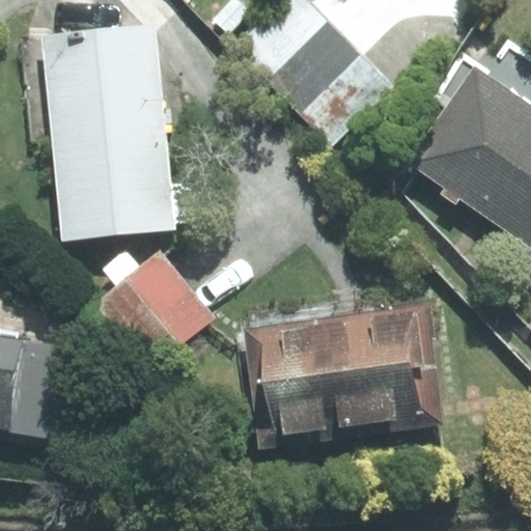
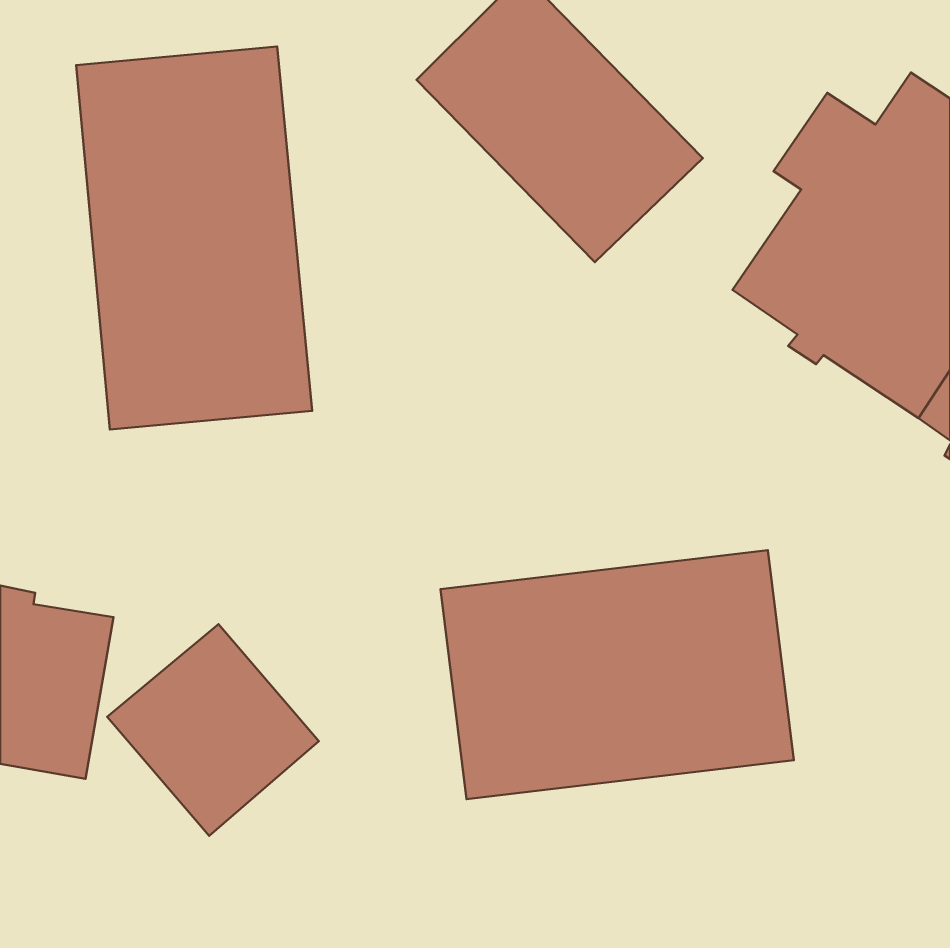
building: [97,251,216,369] -> [107,624,319,836]

